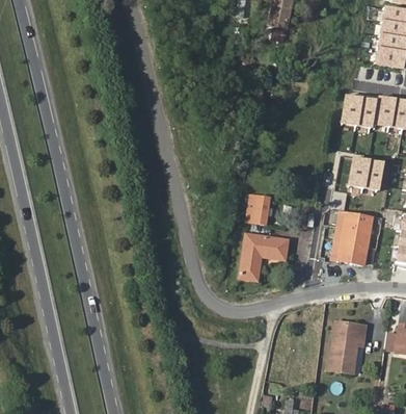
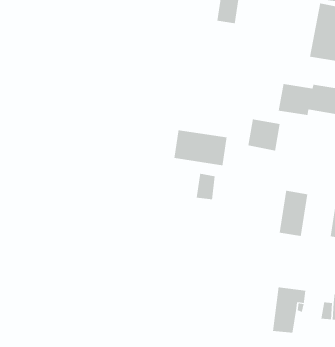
building: none -> [174,129,227,166]
building: [347,156,383,191] -> [247,119,281,151]
building: [238,238,288,283] -> none

